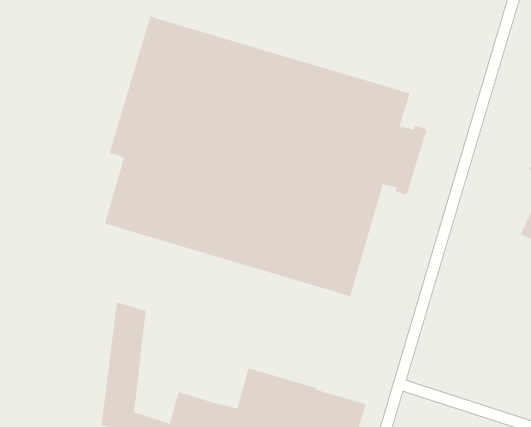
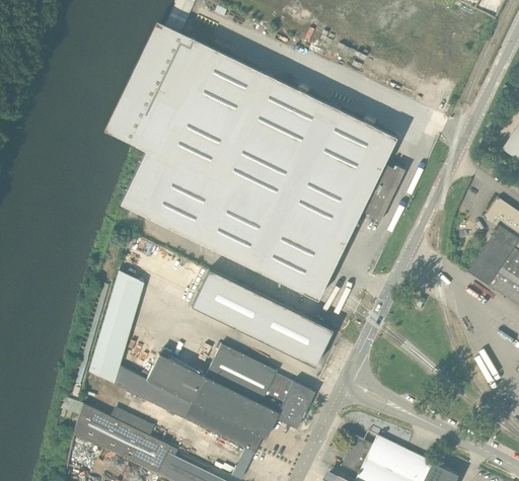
building: none -> [104,21,189,145]
building: none -> [192,269,333,367]

